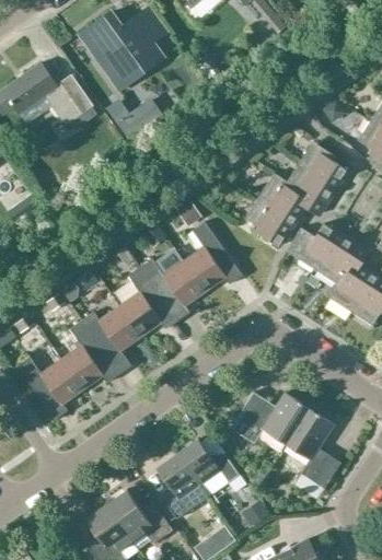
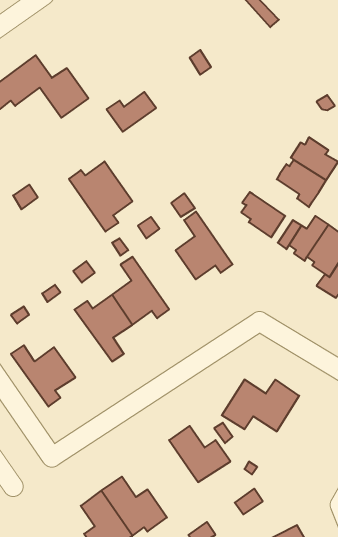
building: [85,12,166,95] -> none
building: [261,174,308,225] -> none
building: [138,249,202,320] -> [69,161,132,232]
building: [58,320,117,389] -> none
building: [285,408,339,488] -> none
building: [154,453,206,518] -> none

